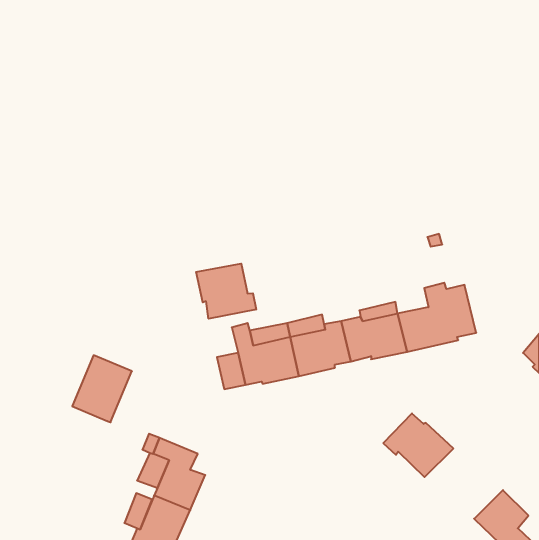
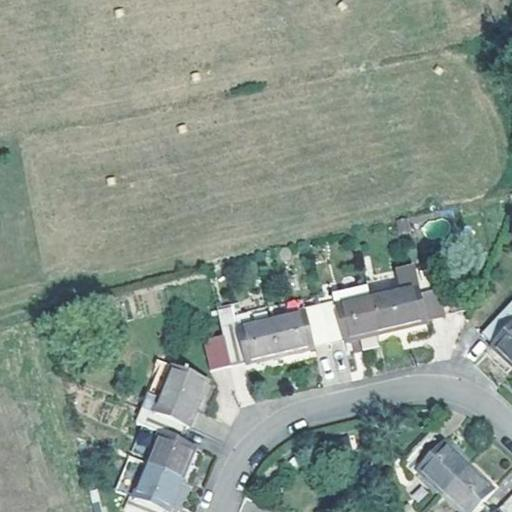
building: [196,264,256,319] -> none
building: [72,355,132,422] -> [153,368,209,431]
building: [383,413,453,477] -> [407,431,473,491]

